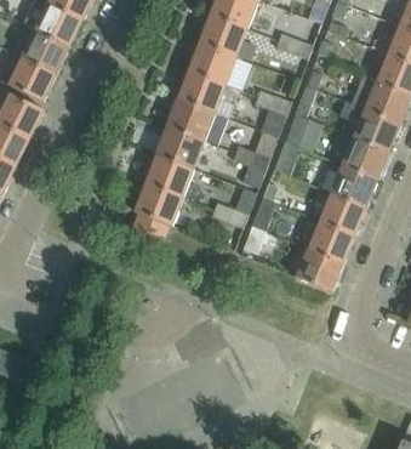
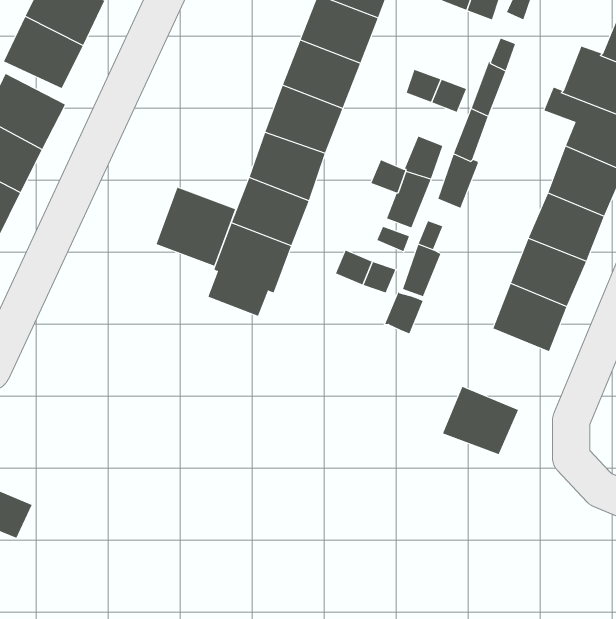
building: none -> [156,187,236,266]
building: [296,248,343,290] -> [442,386,519,455]

